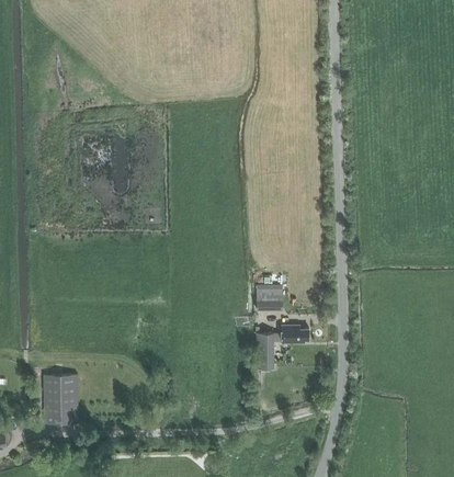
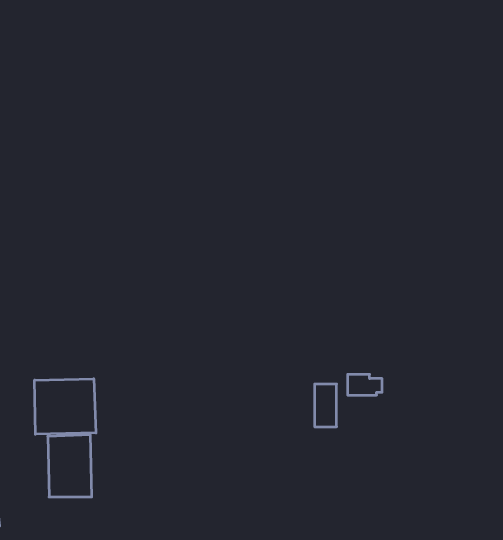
building: [257,288,283,310] -> none
building: none -> [35,379,96,434]

